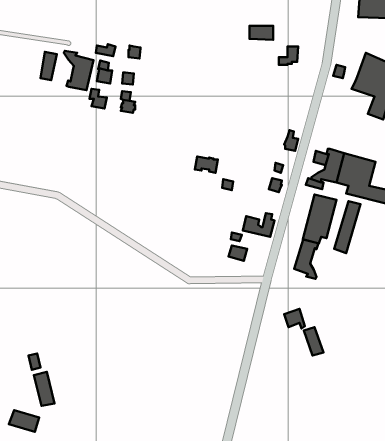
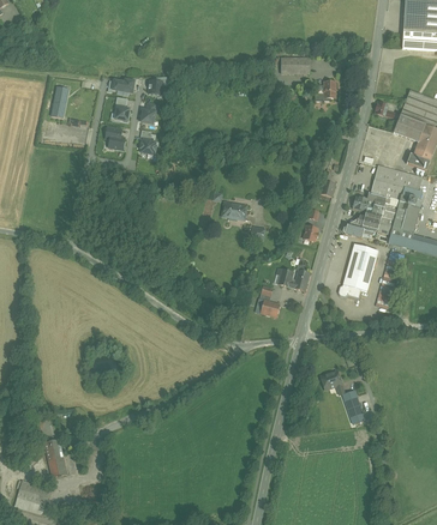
building: [64,51,93,90] -> none
building: none -> [371,165,424,207]
building: [294,239,318,279] -> none

